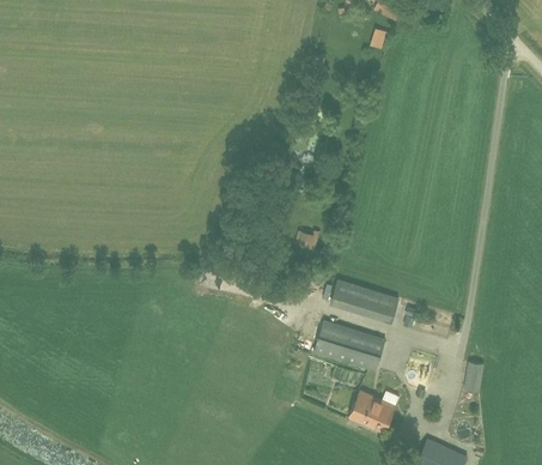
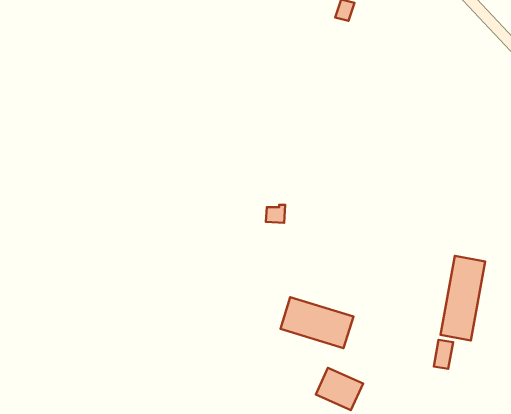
building: [330,279,398,321] -> none
building: none -> [440,256,485,340]

